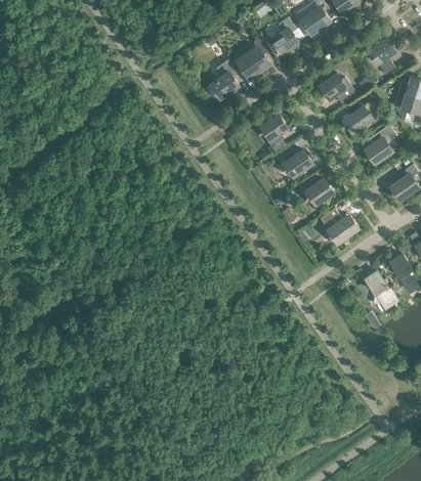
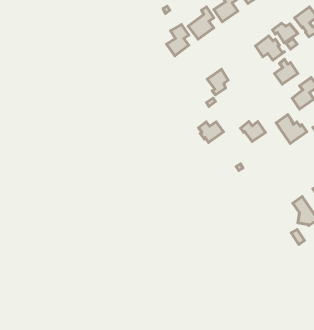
building: none -> [273,23,298,43]
building: [281,151,311,177] -> [199,122,224,143]
building: [320,209,357,245] -> [276,114,307,144]

